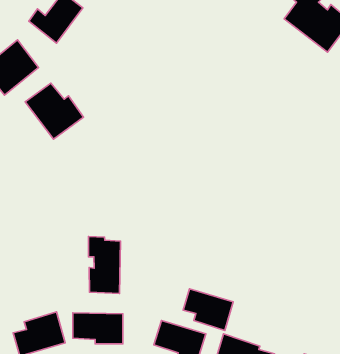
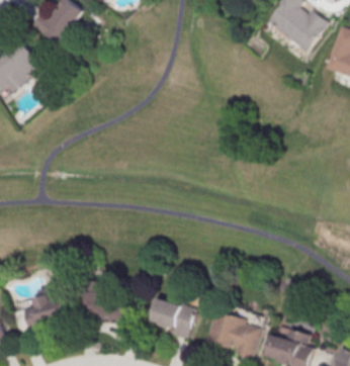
building: [25,83,84,139] -> none
building: [88,236,121,293] -> none
building: [183,289,233,330] -> none

